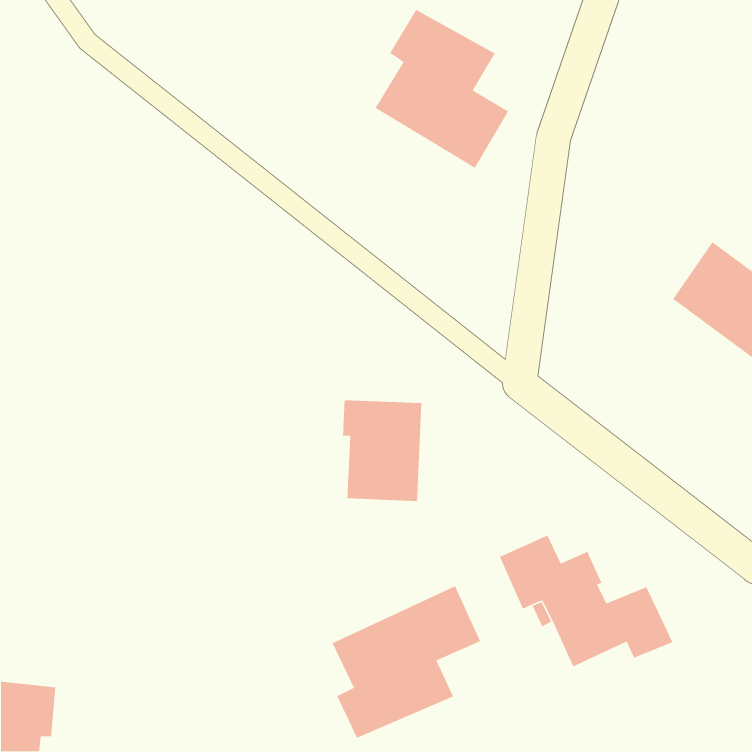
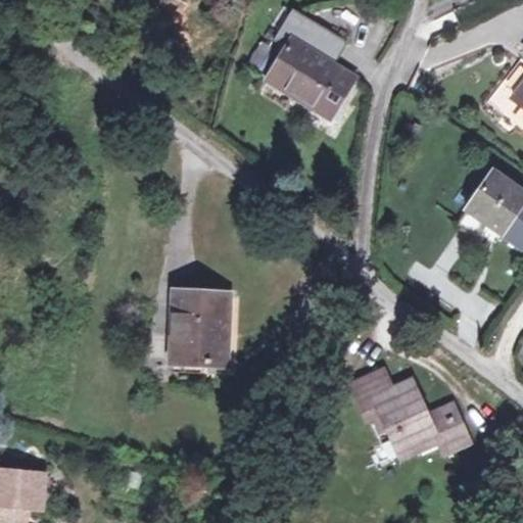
building: [342,400,422,502] -> [174,293,229,364]
building: [331,585,481,739] -> none

